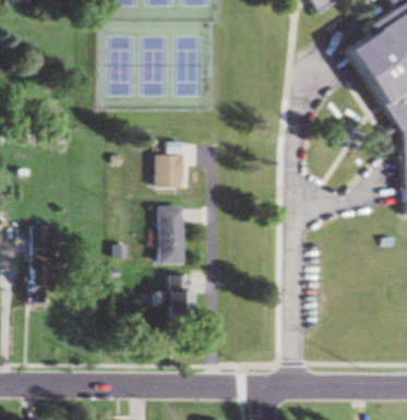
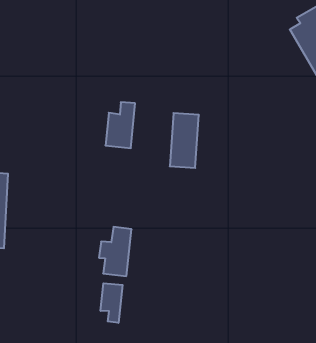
building: [157,206,184,263] -> [170,113,199,168]
building: none -> [101,283,123,323]

